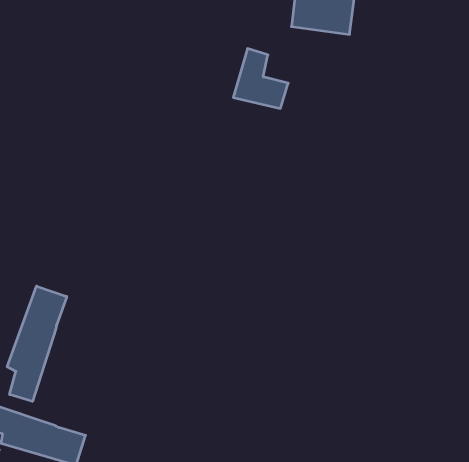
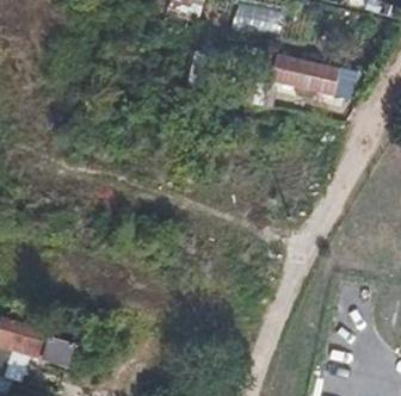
building: none -> [258,48,339,93]
building: [7,286,67,401] -> none

